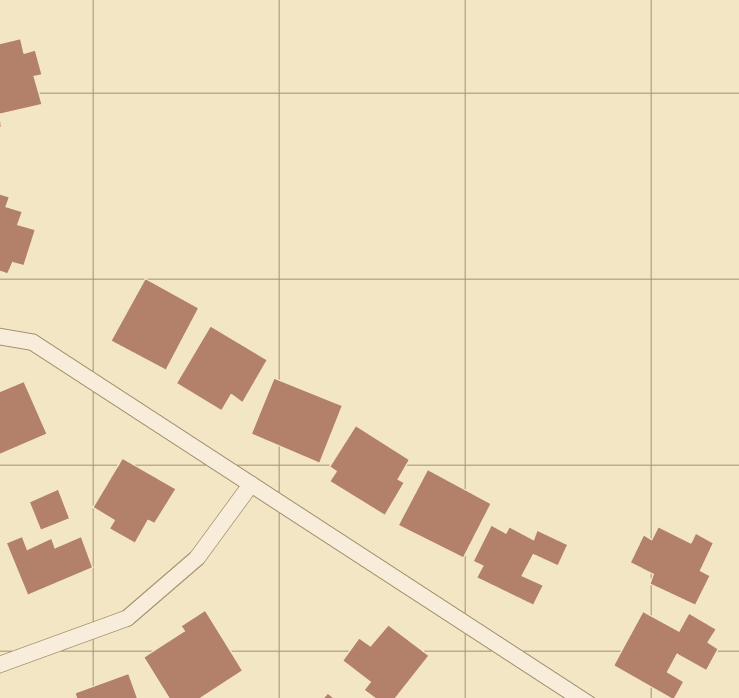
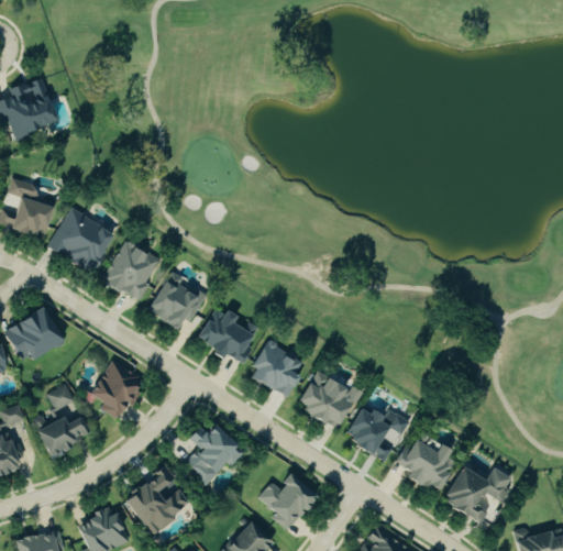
building: none -> [49,210,112,273]
building: [630,527,714,605] -> [396,439,452,492]
building: none -> [186,422,246,486]

